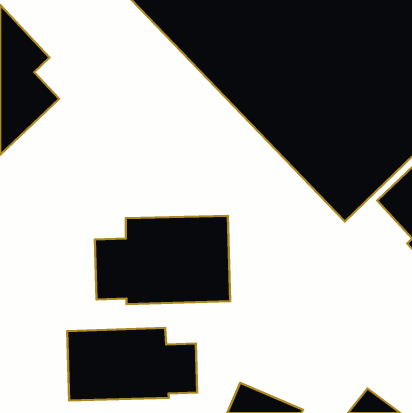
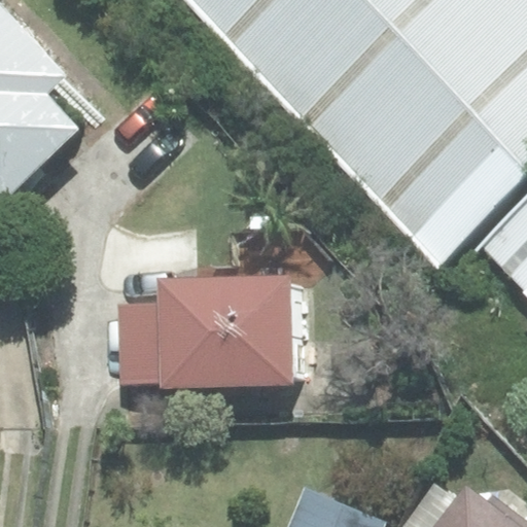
building: [67,328,197,401] -> none

